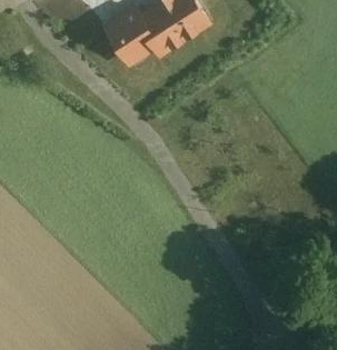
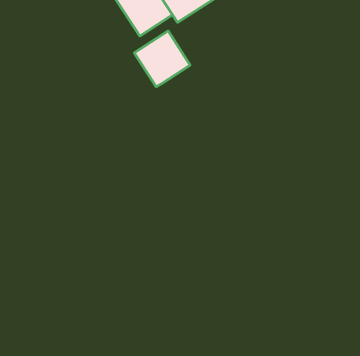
building: none -> [134,31,190,87]

